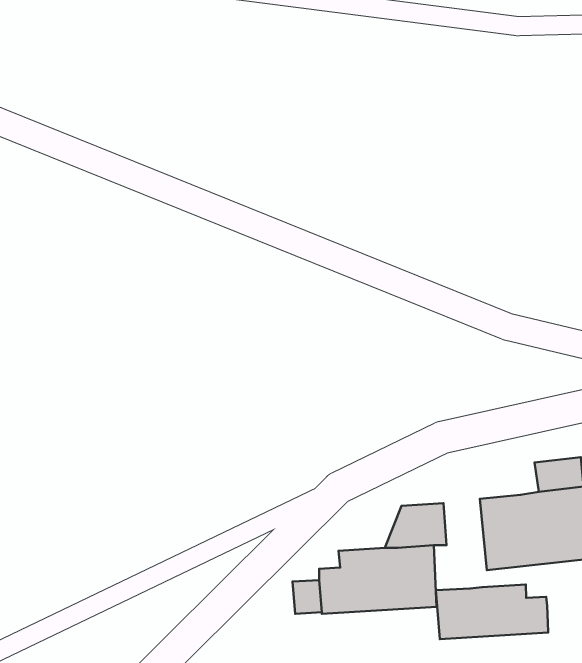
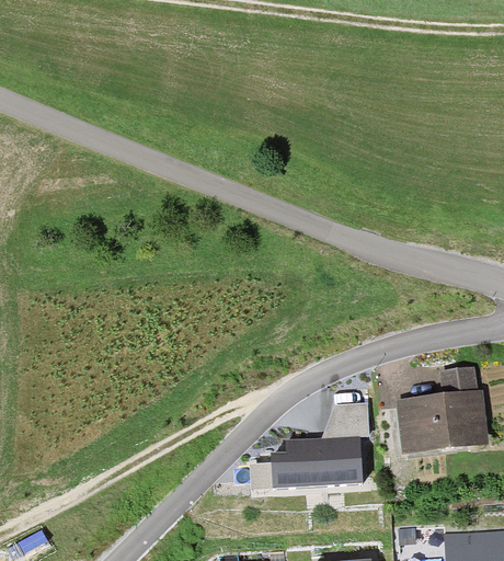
building: [436,585,548,639] -> none

